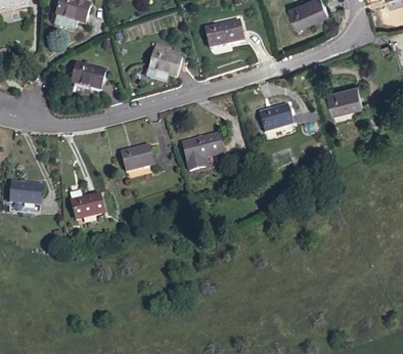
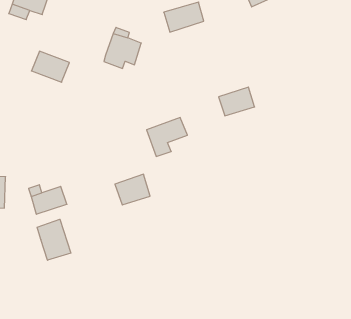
building: [327,88,363,116] -> none
building: [119,144,153,174] -> [115,174,150,205]
building: none -> [37,219,71,260]

